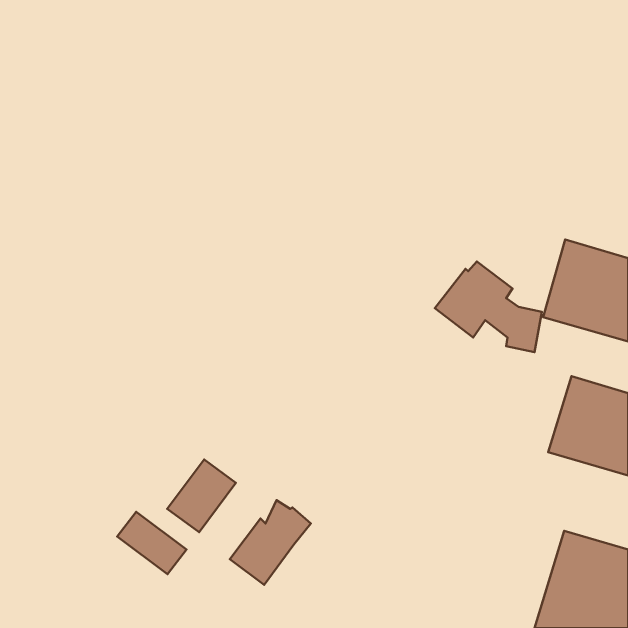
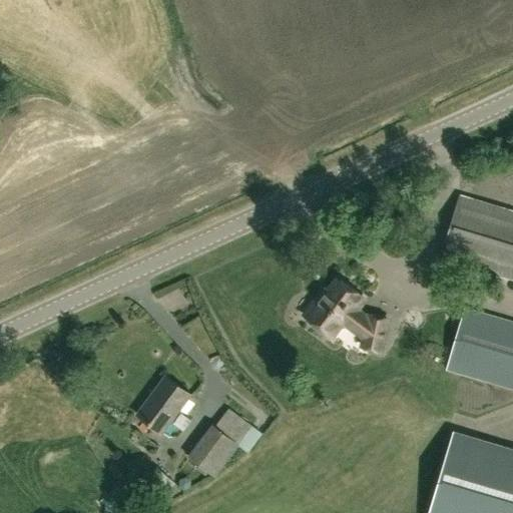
building: [435,261,542,352] -> [303,277,390,351]
building: [117,512,186,574] -> none

